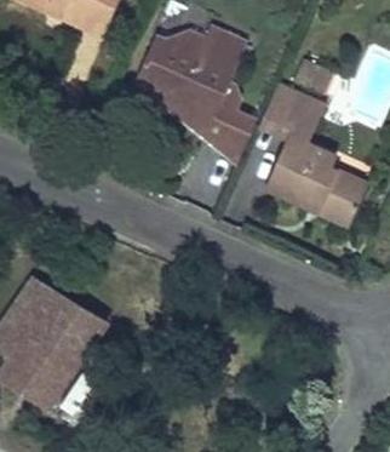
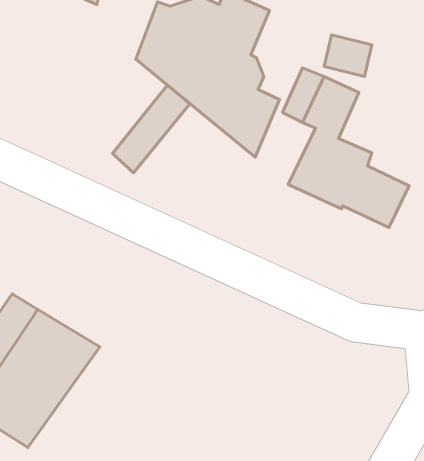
building: none -> [112,85,190,173]

